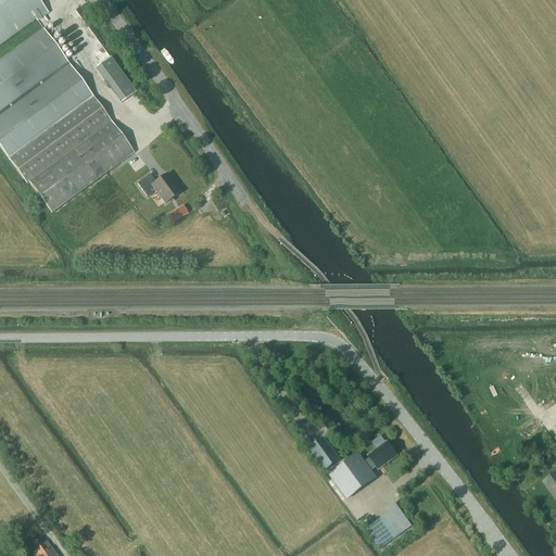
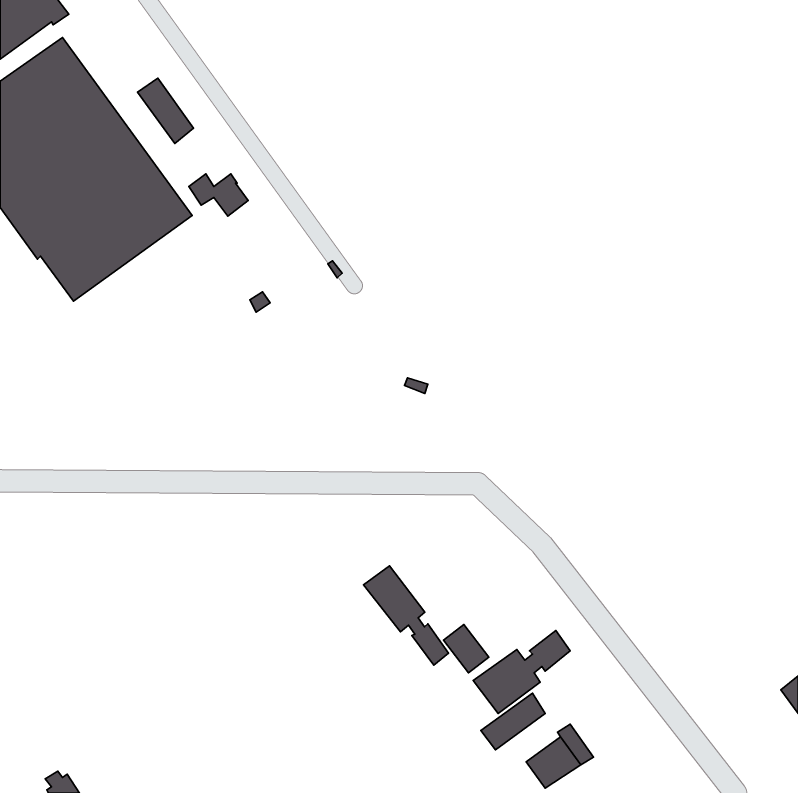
building: [138,172,179,201] -> [189,174,248,216]
building: none -> [364,566,449,665]
building: none -> [481,693,545,750]

